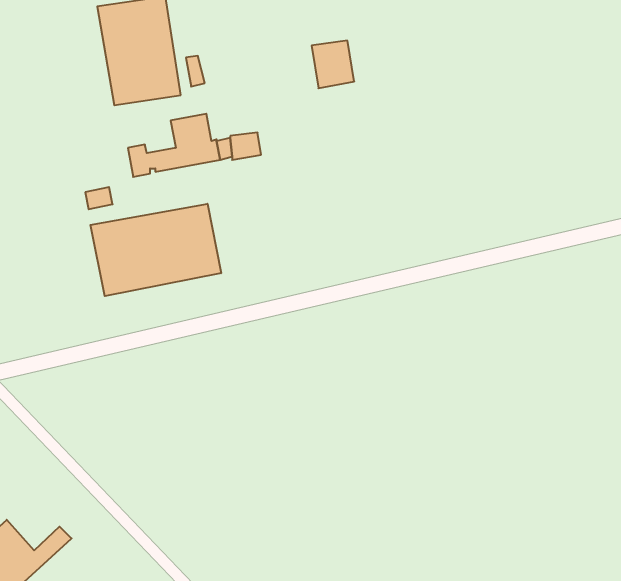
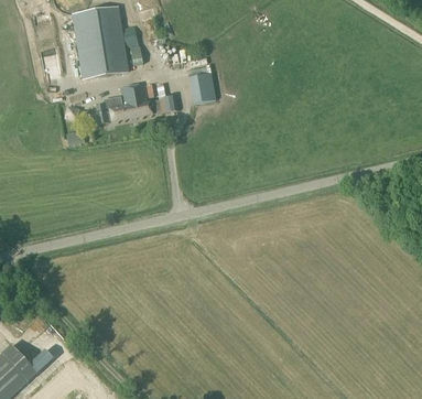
building: [312,41,354,88] -> [187,72,215,103]
building: [90,204,221,296] -> none

